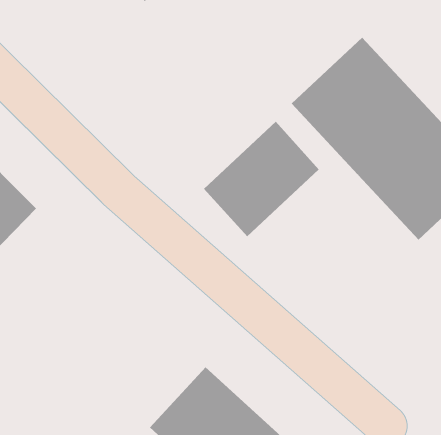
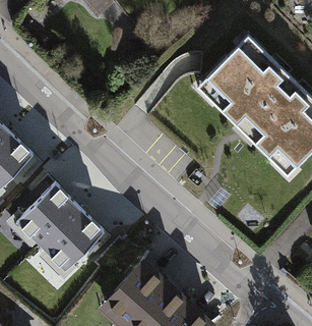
building: [203,121,320,237] -> none
building: none -> [16,181,102,268]

